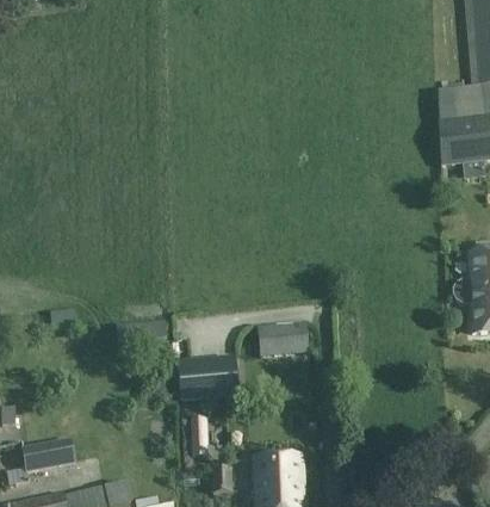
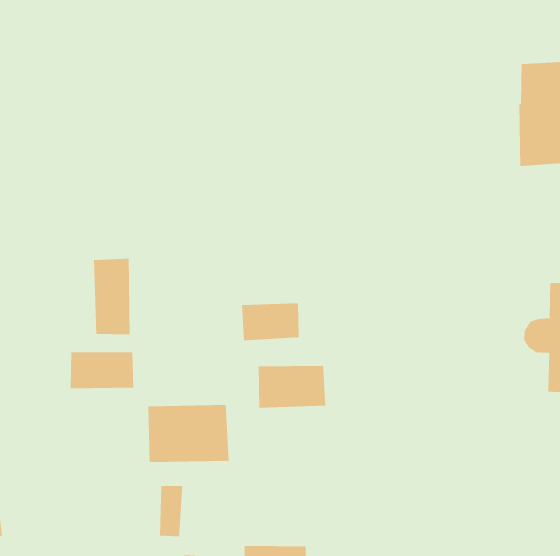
building: none -> [94,258,130,335]
building: none -> [242,302,299,341]

